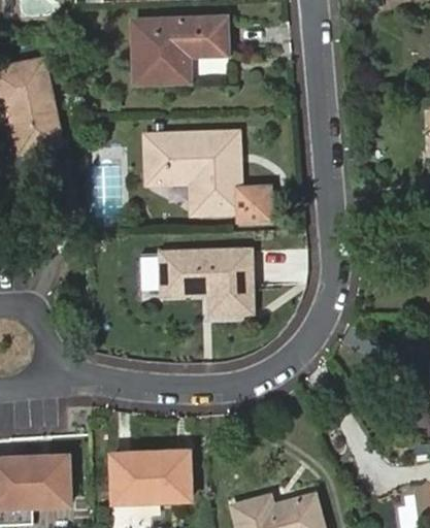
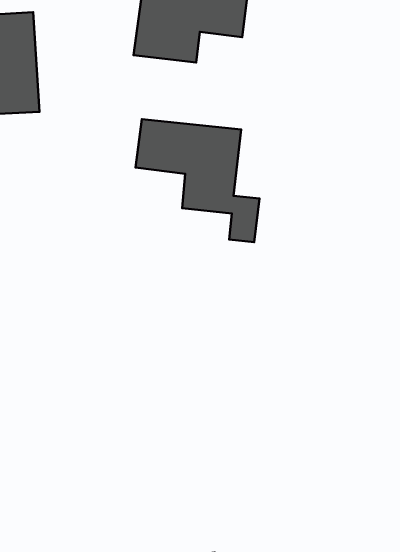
building: [163,248,254,310] -> none
building: [115,452,192,502] -> none

